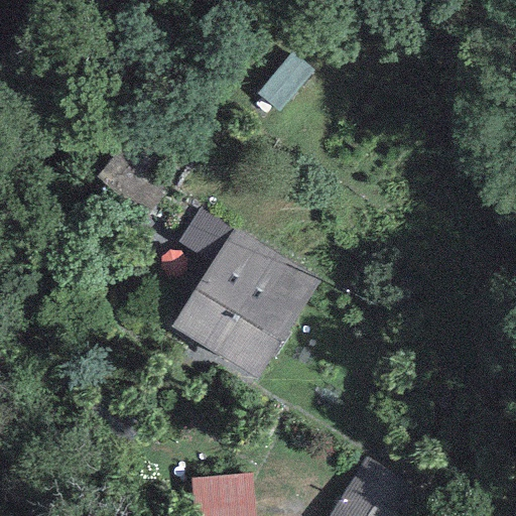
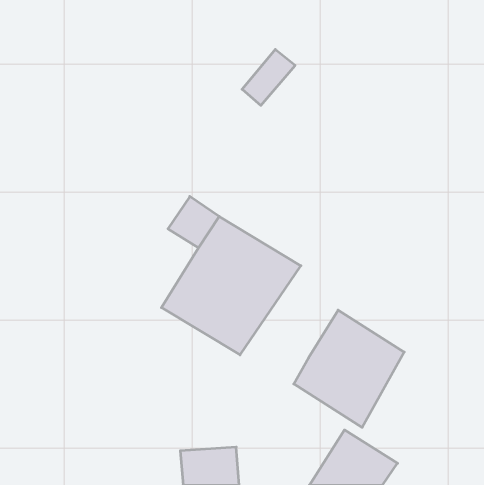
building: none -> [294,310,404,427]

